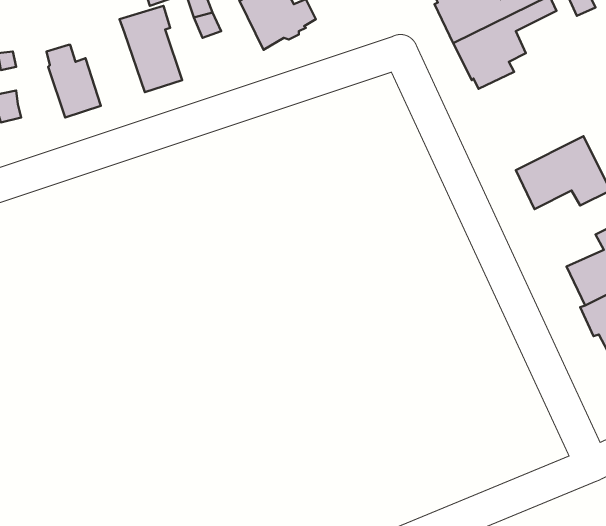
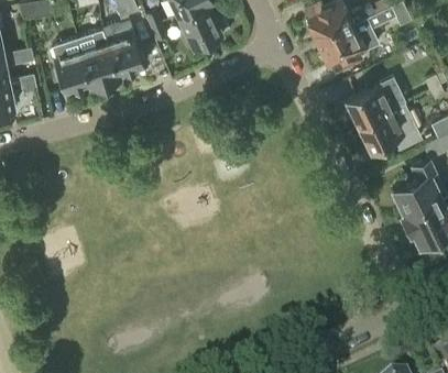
building: none -> [79,33,119,85]
building: none -> [346,74,403,122]

